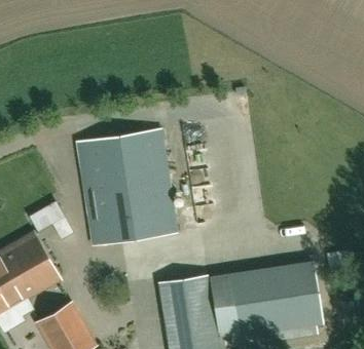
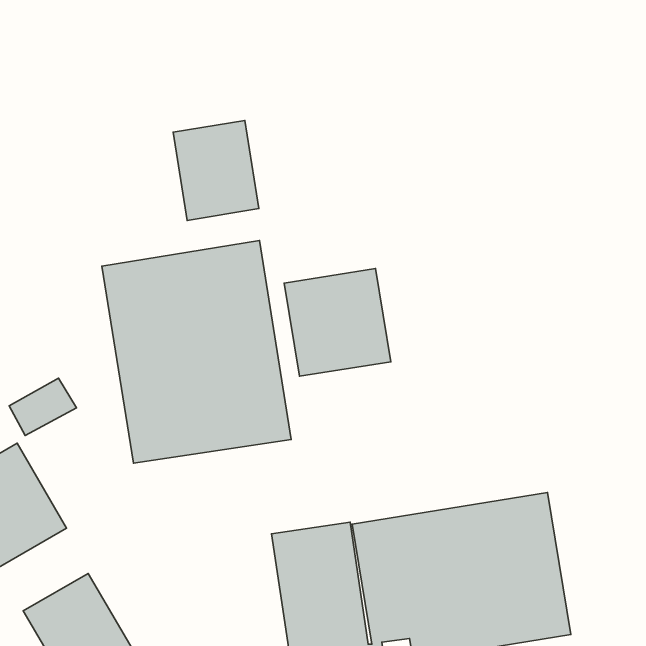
building: none -> [173,120,259,220]
building: none -> [284,269,391,376]

